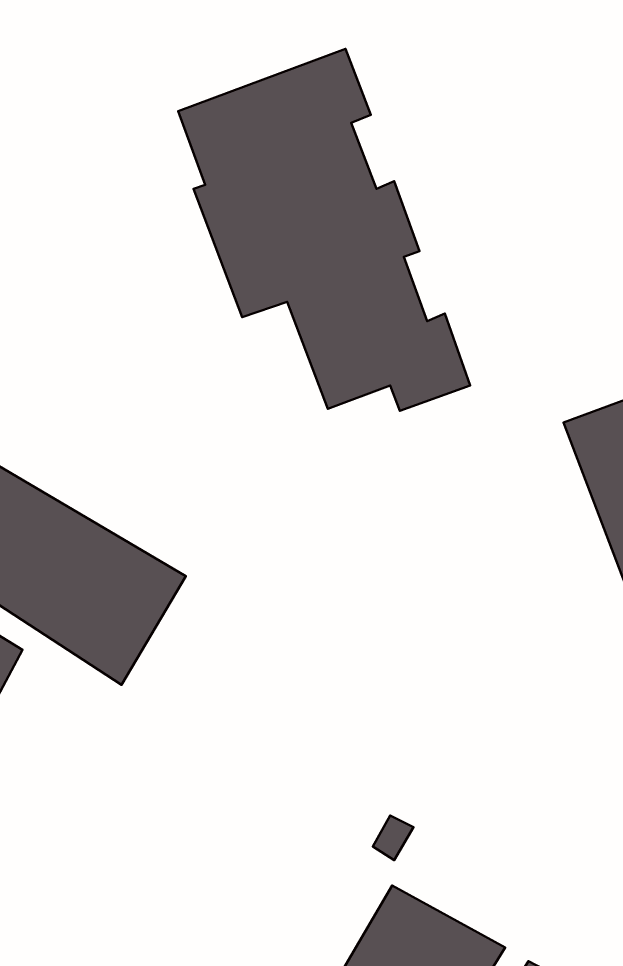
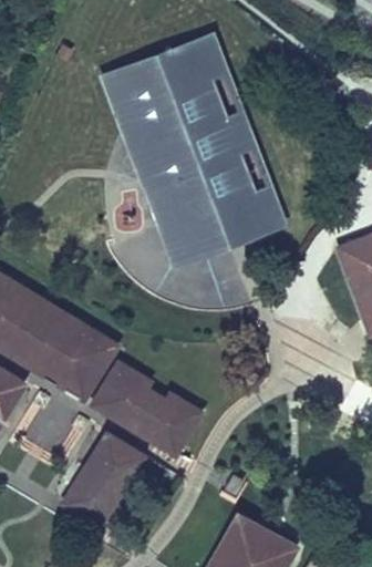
building: none -> [100,73,241,270]
building: none -> [90,355,205,457]
building: none -> [60,429,151,529]

